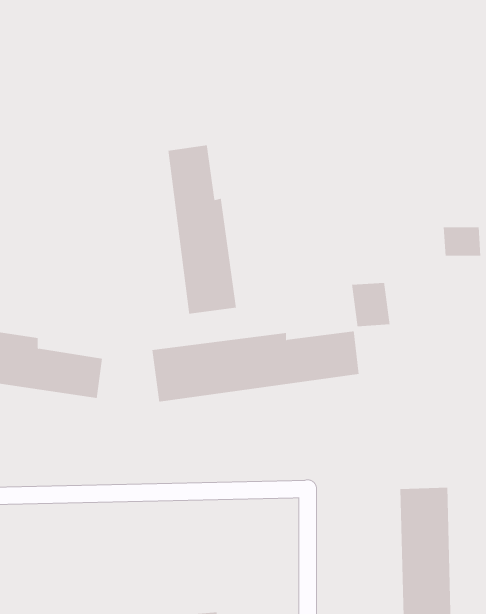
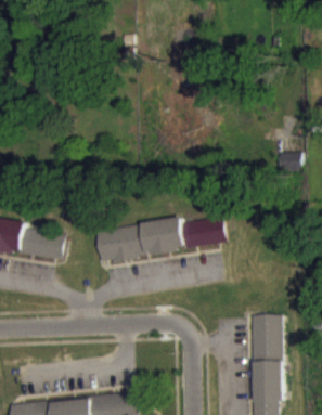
building: [168,144,236,314] -> none
building: [352,282,390,327] -> none

